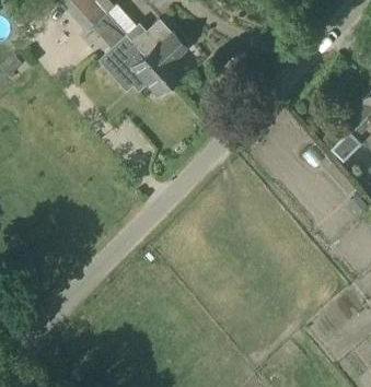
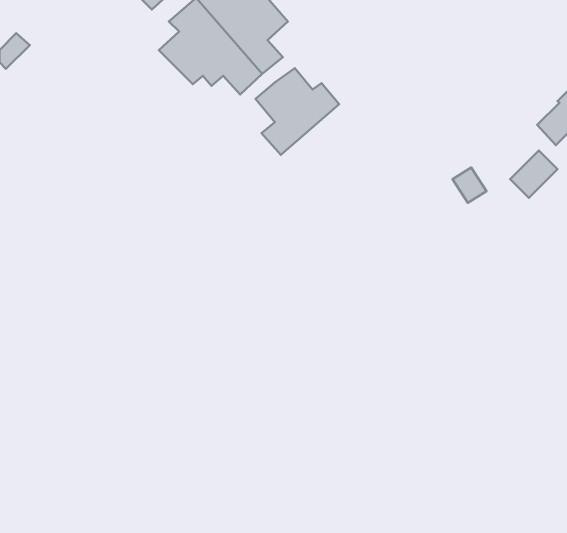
building: none -> [256,68,339,155]

